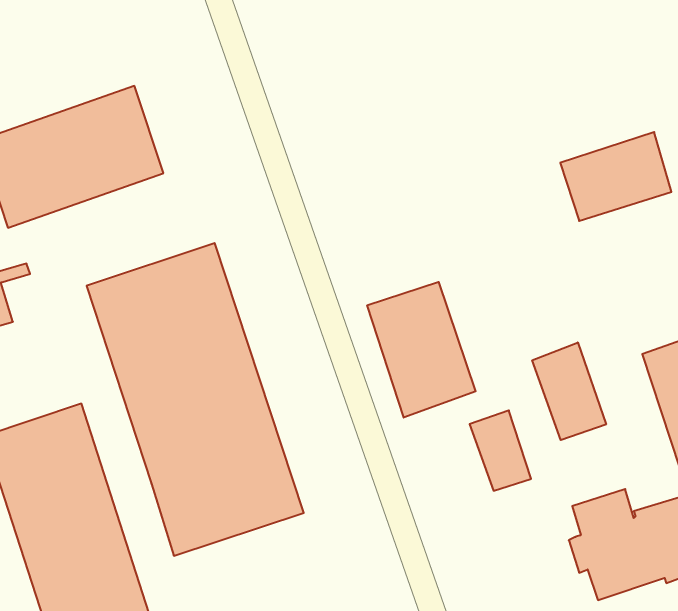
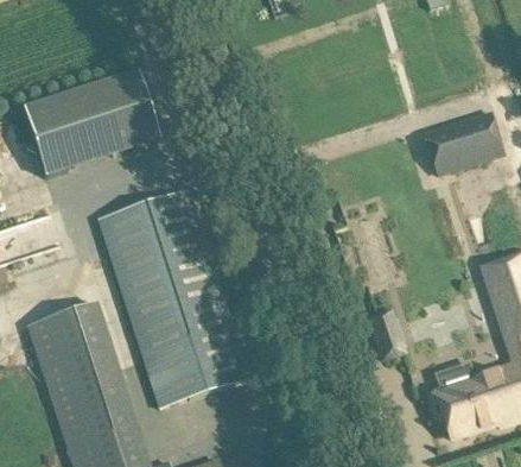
building: [367,282,476,418] -> none
building: [532,342,606,440] -> none

